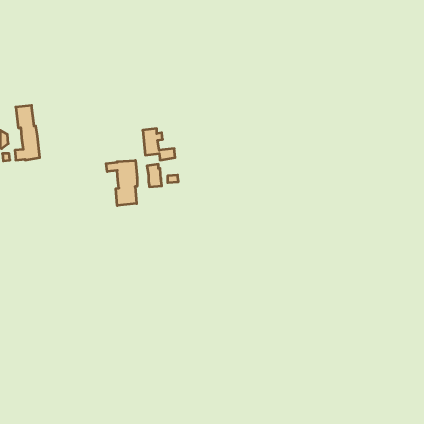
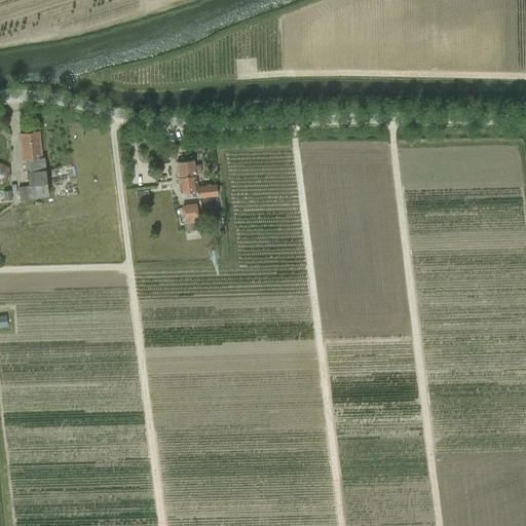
building: [106,160,137,206] -> none

